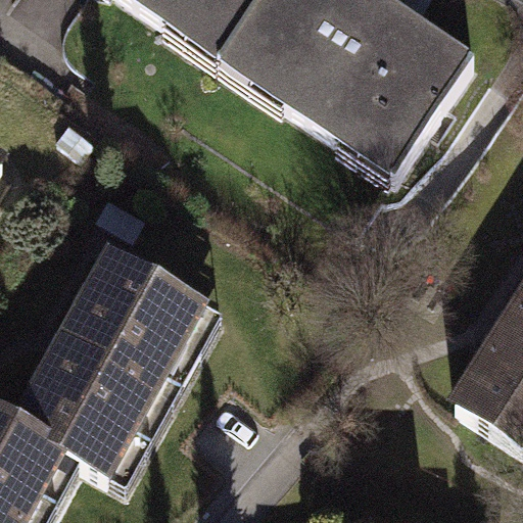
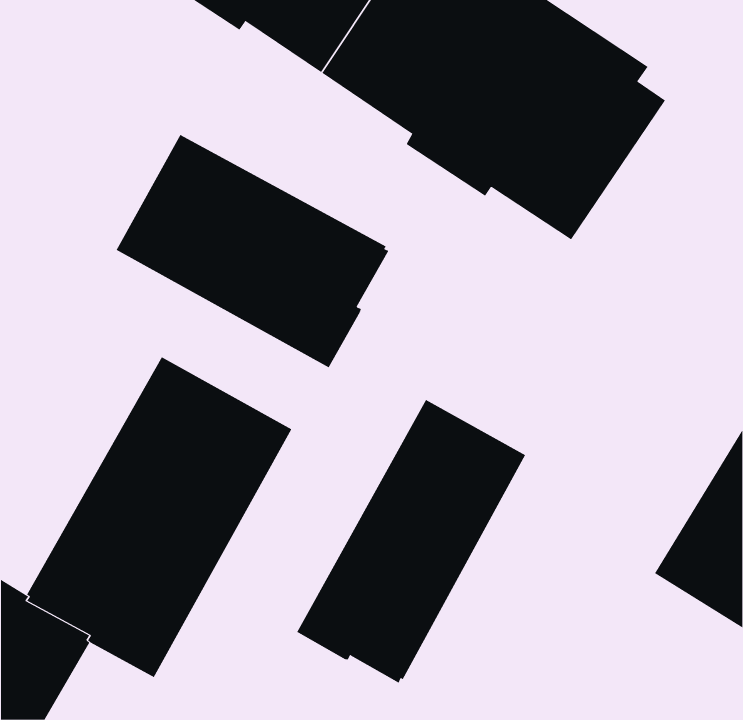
building: none -> [116,134,389,368]
building: none -> [297,399,526,683]

